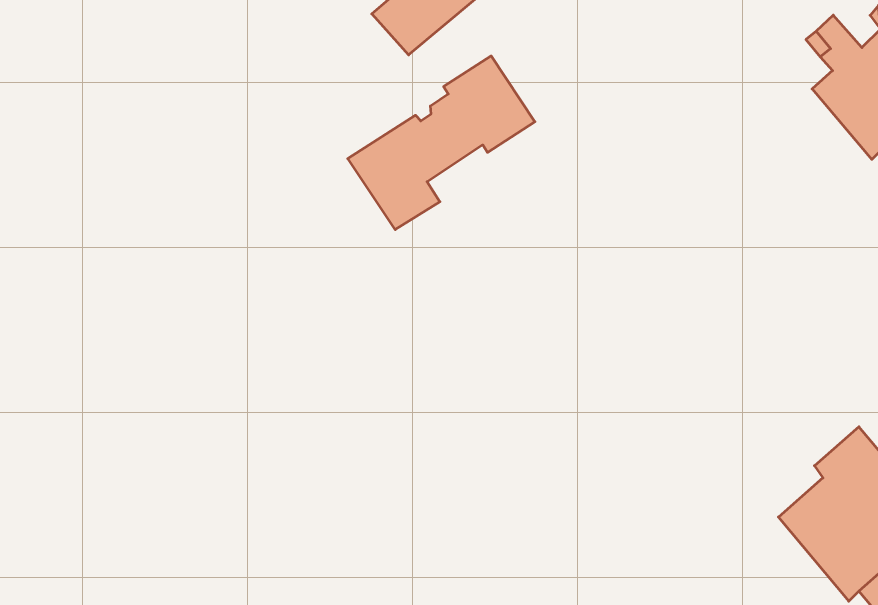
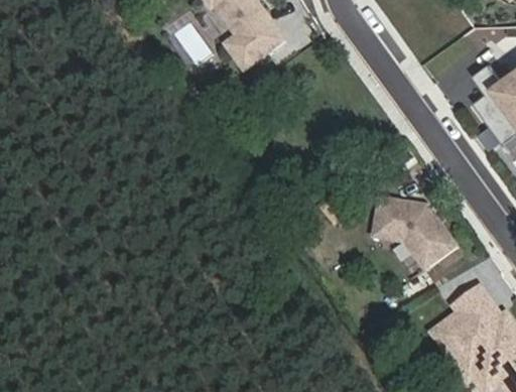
building: [348,56,535,230] -> none
building: none -> [371,197,455,268]

